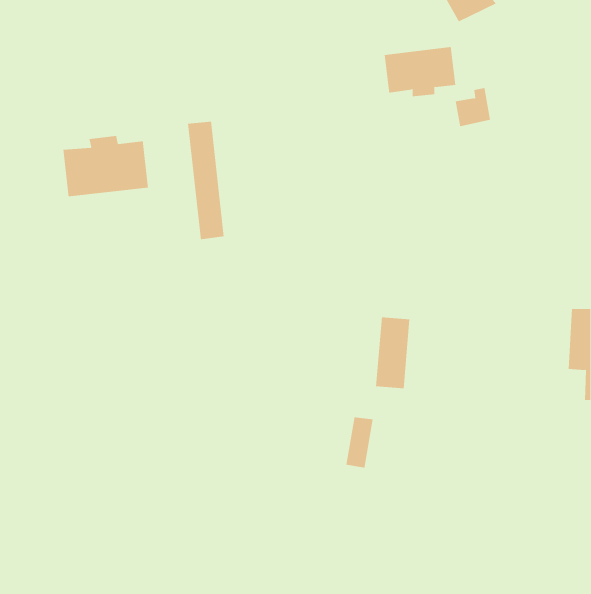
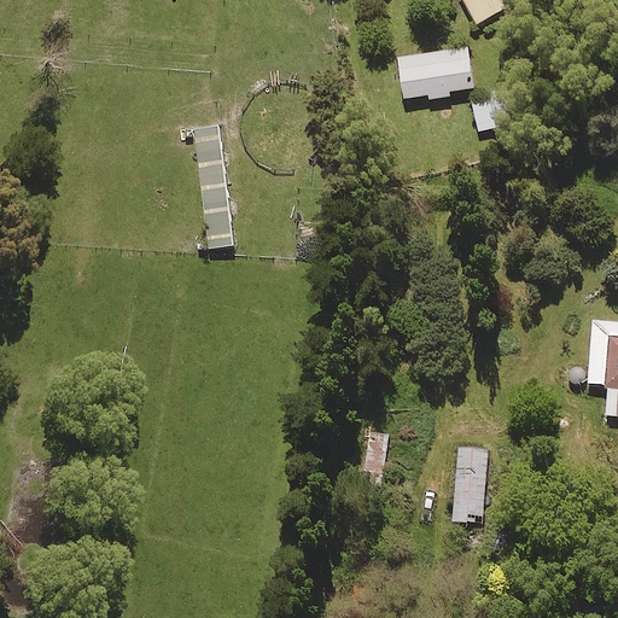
building: [63,135,148,197] -> none
building: [375,317,410,389] -> [451,447,488,521]

